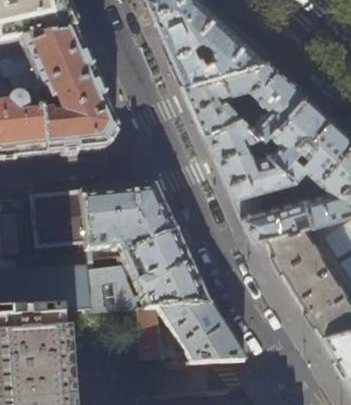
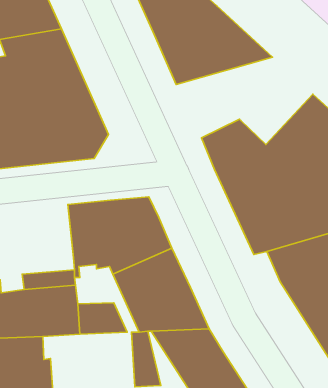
building: [180,59,305,139] -> none
building: [31,194,86,249] -> none

